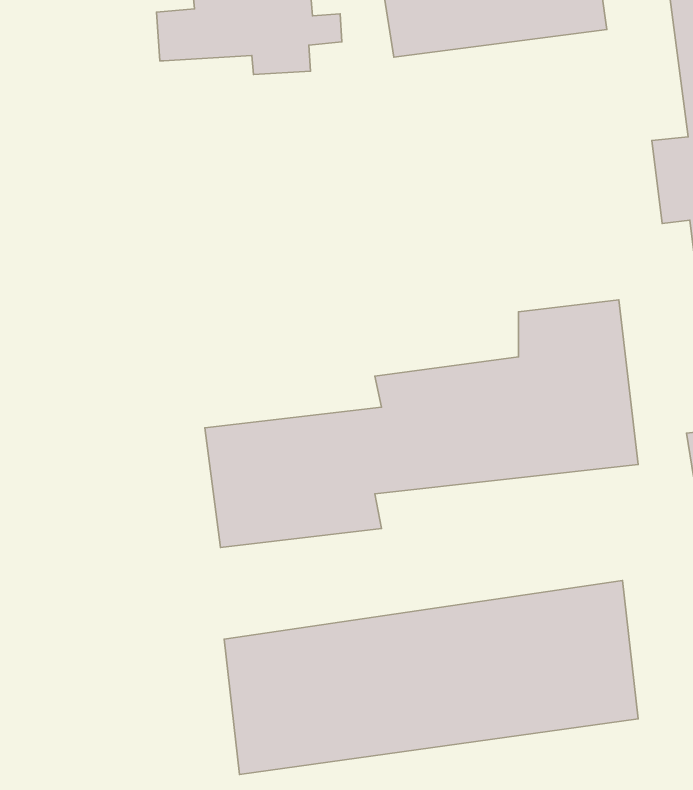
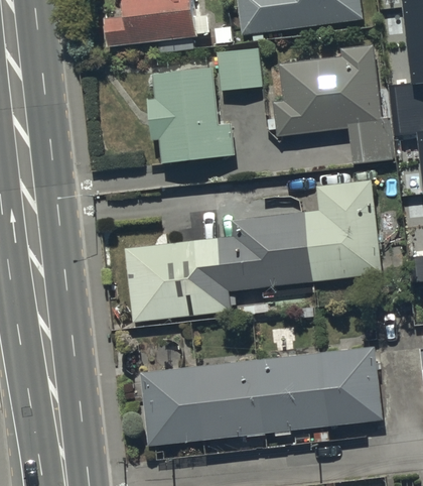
building: none -> [274,38,387,160]
building: none -> [217,43,262,85]
building: none -> [148,68,234,160]

